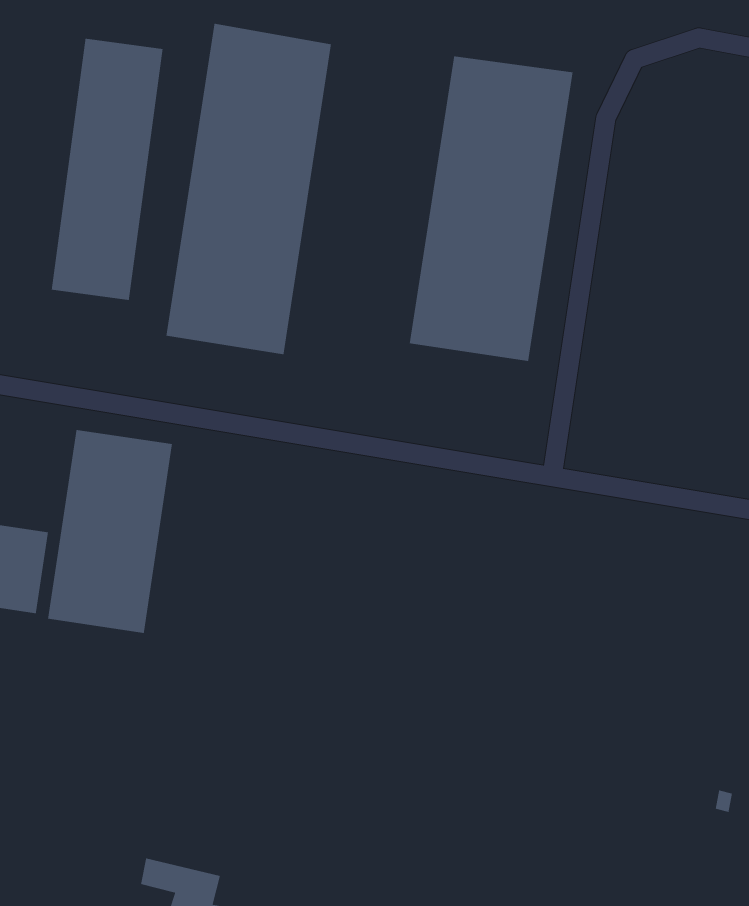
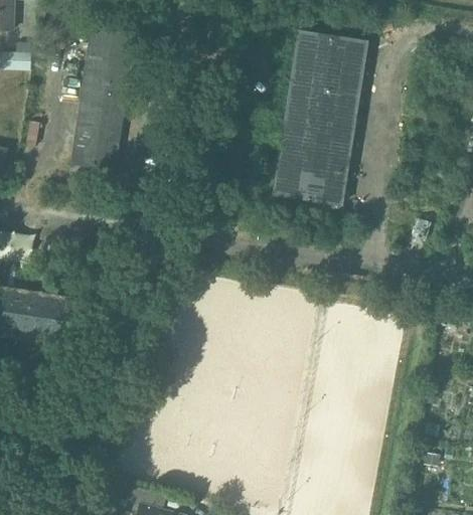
building: [165,23,332,355] -> none
building: [47,429,173,634] -> none

